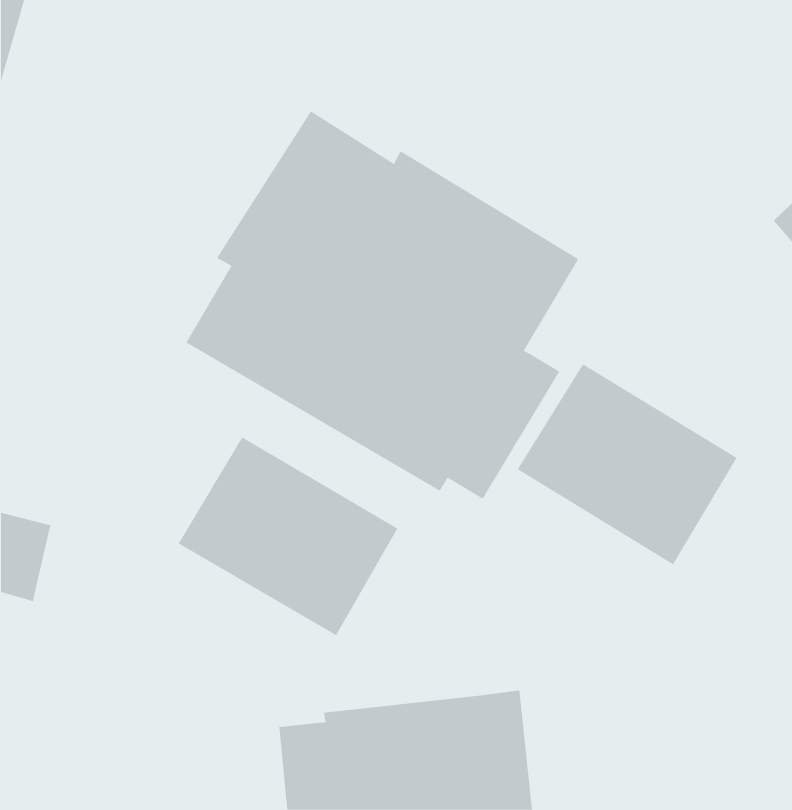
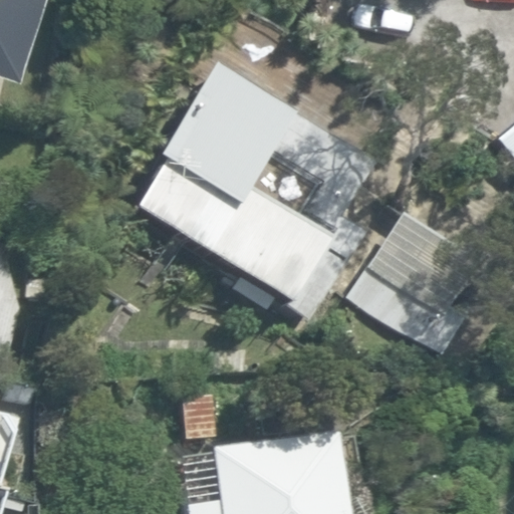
building: [178,436,398,636] -> none

